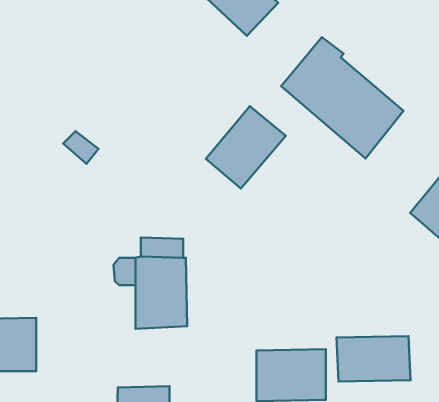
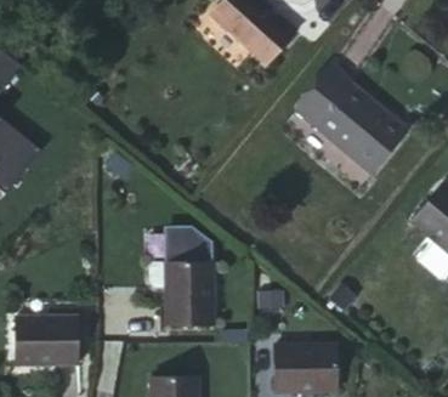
building: [206,106,286,189] -> none
building: [336,336,410,382] -> none

